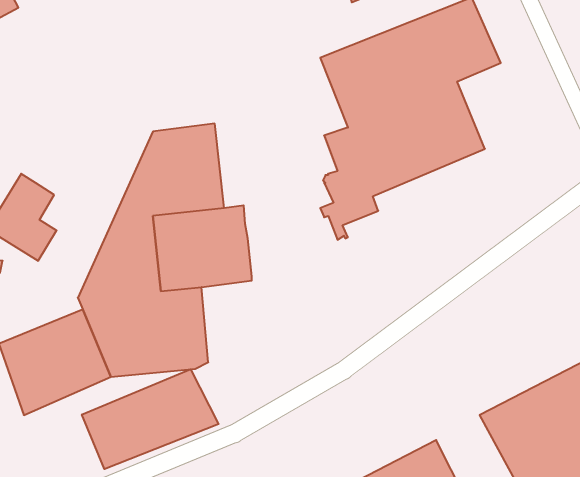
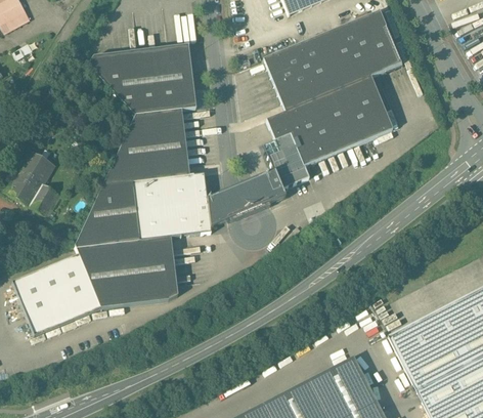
building: none -> [88,46,196,116]
building: none -> [208,175,277,228]
building: [82,369,219,469] -> none

